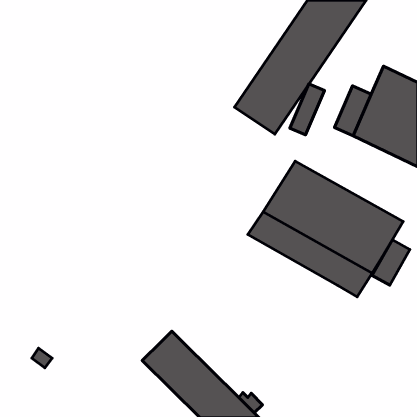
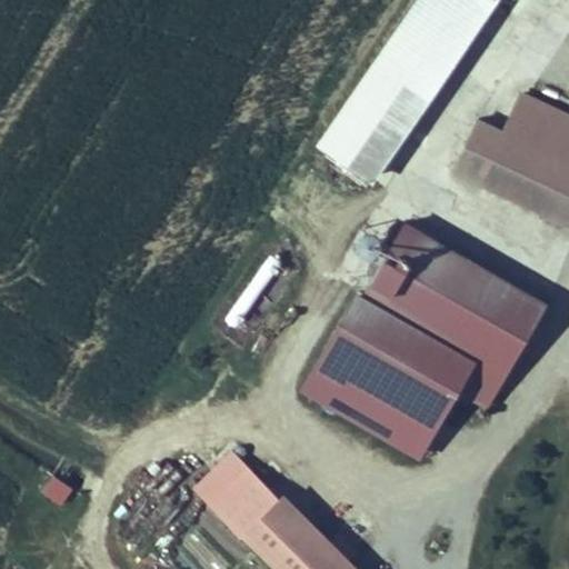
building: [290,84,324,135] -> none
building: none -> [298,320,460,460]
building: [372,240,410,285] -> none

